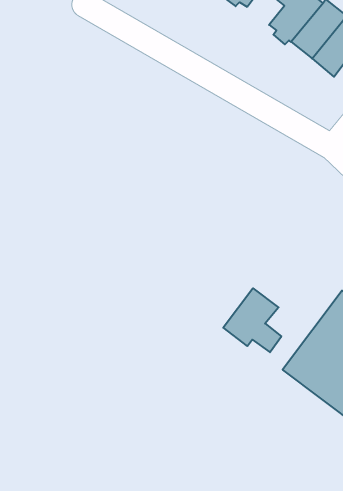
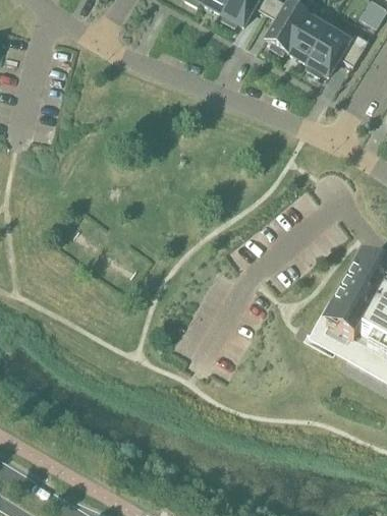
building: [223,288,281,352] -> none

